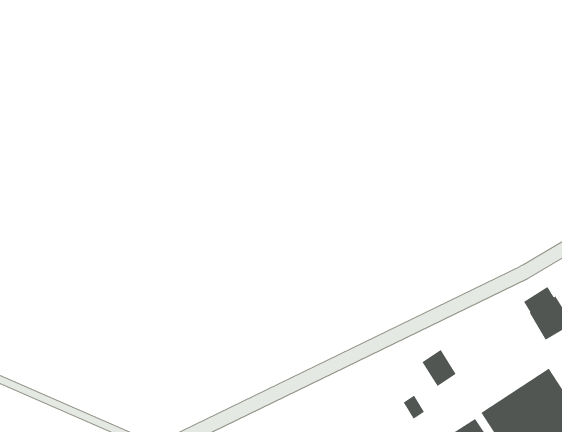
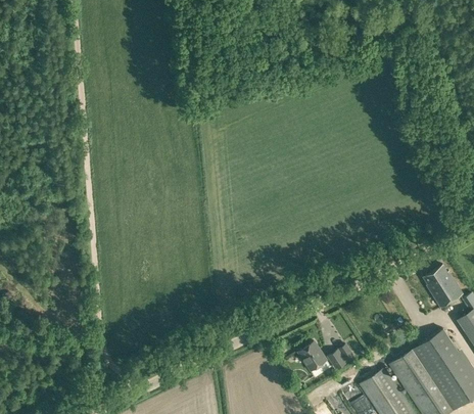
building: [422,349,457,387] -> [298,341,326,371]

